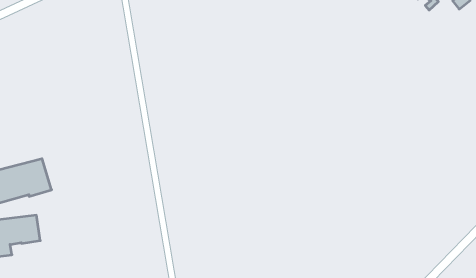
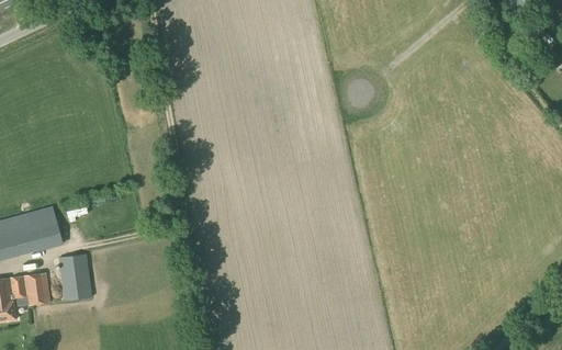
building: none -> [59,255,91,301]

